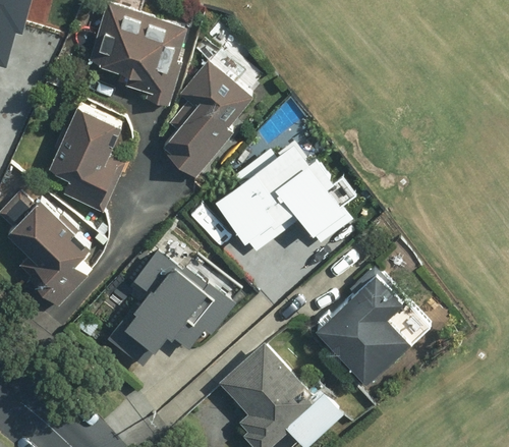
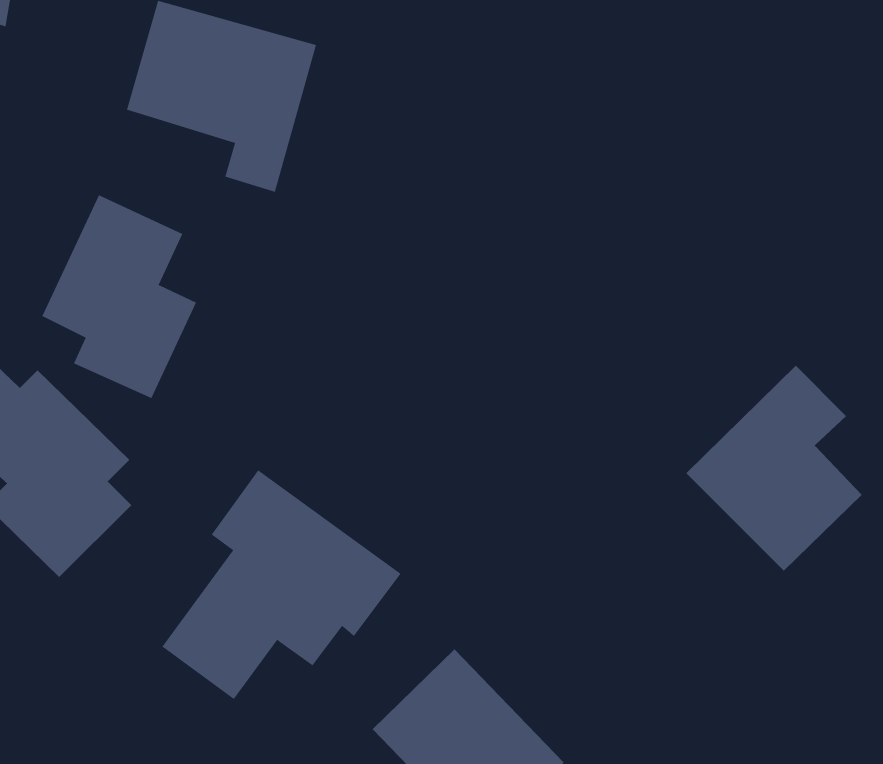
building: [160,62,251,178] -> none
building: [217,141,351,249] -> none
building: [315,276,406,383] -> [686,365,863,571]

